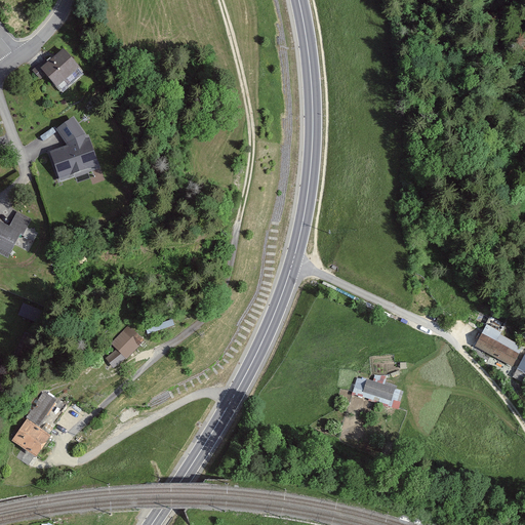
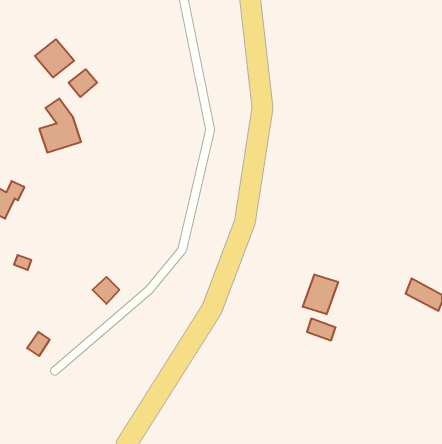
building: none -> [69,69,97,97]
building: none -> [303,274,338,314]
building: [13,416,54,456] -> none

